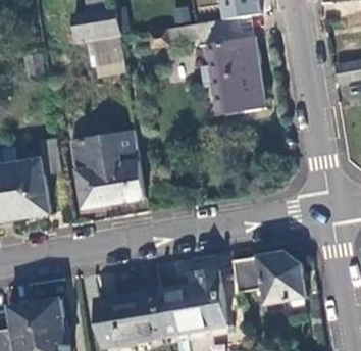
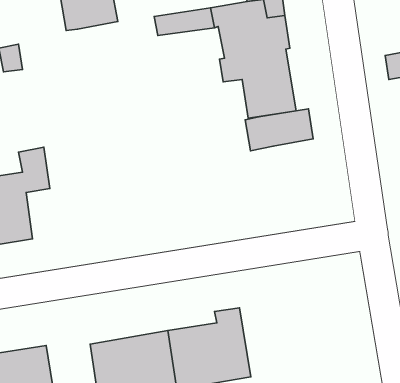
building: [86,36,124,79] -> none
building: none -> [245,109,313,151]
building: [74,132,145,207] -> none
building: [233,252,305,303] -> none

